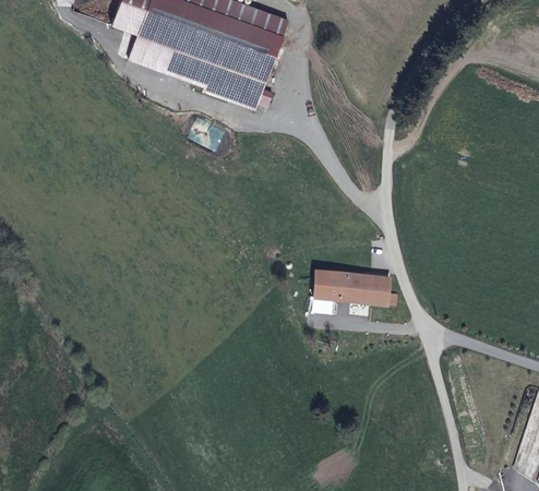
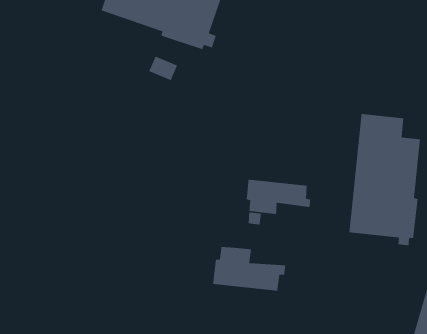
building: none -> [348,113,421,246]
building: none -> [212,246,286,291]

